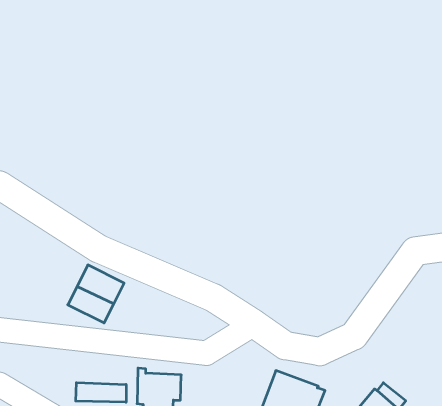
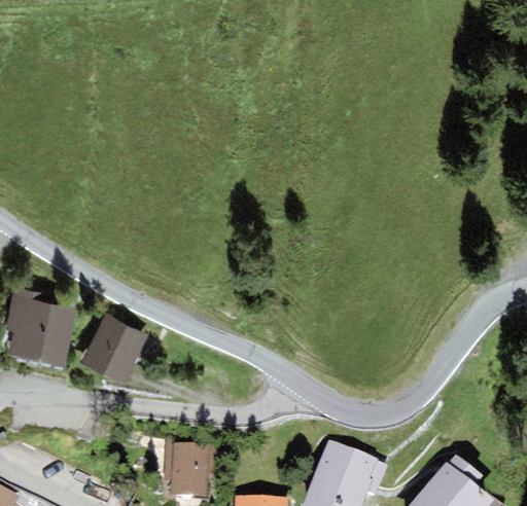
building: none -> [5,288,76,367]
building: [76,383,126,402] -> none

